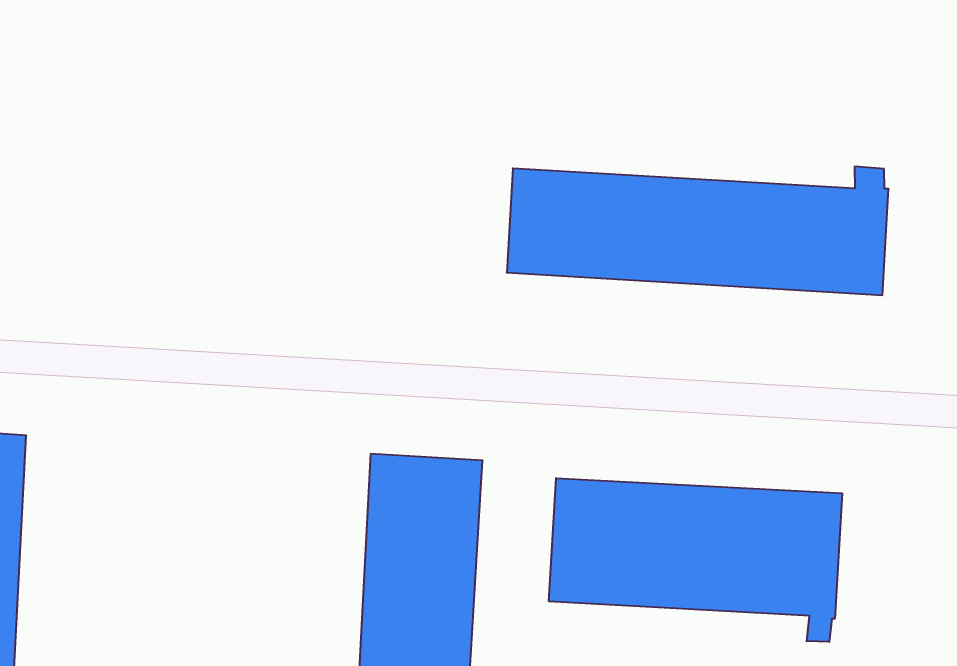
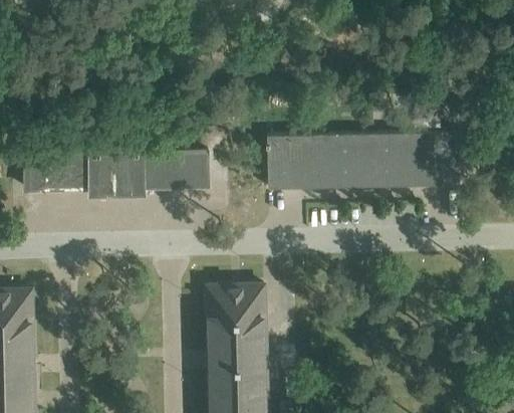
building: none -> [23,147,210,196]
building: [549,478,842,642] -> none

